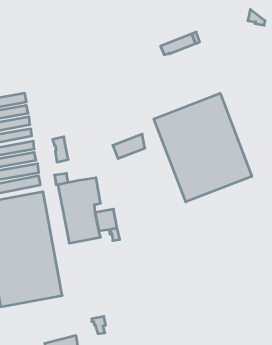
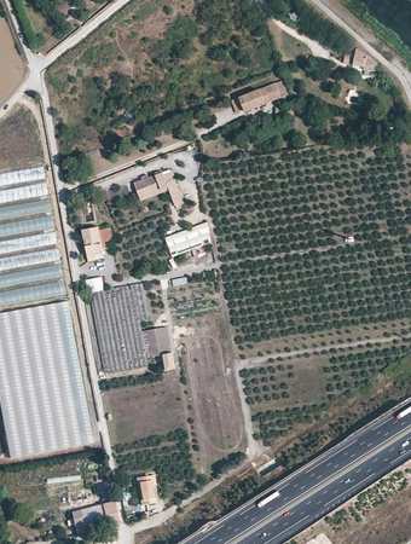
building: [154,93,252,202] -> none
building: none -> [135,172,184,203]

